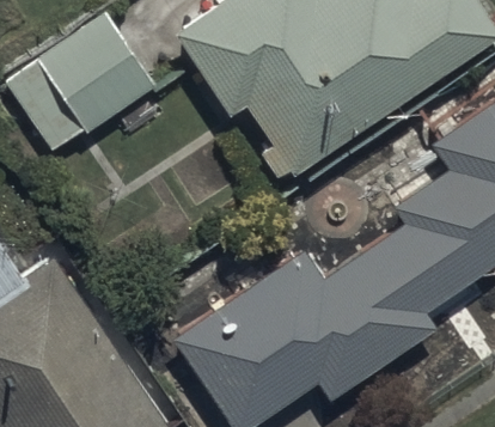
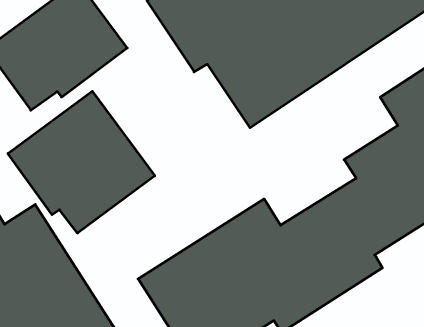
building: none -> [8,91,155,233]

